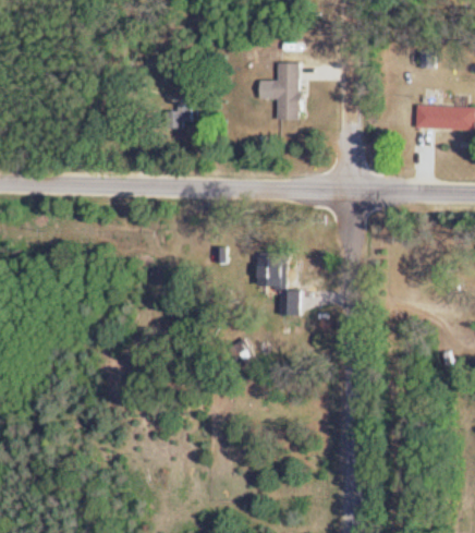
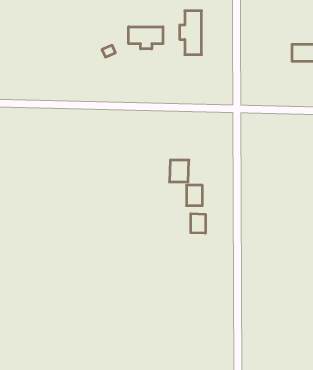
building: none -> [129,27,163,49]
building: none -> [191,214,205,233]

